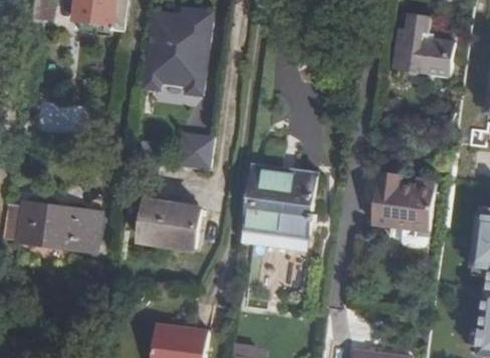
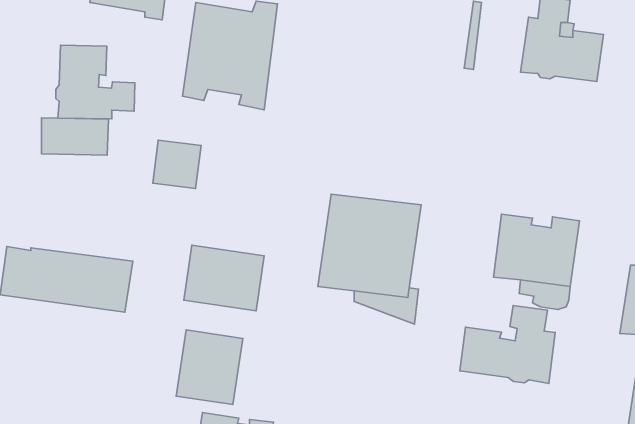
building: none -> [56,45,135,119]
building: [177,132,213,168] -> [153,140,201,188]
building: none -> [460,306,555,384]
building: none -> [176,330,243,405]

